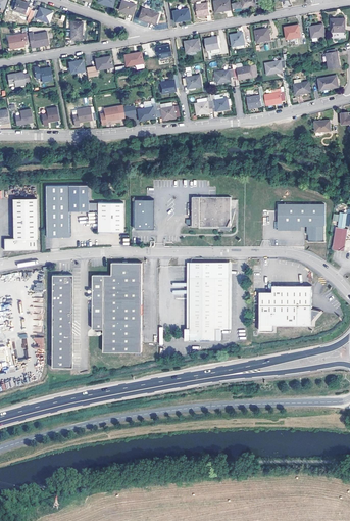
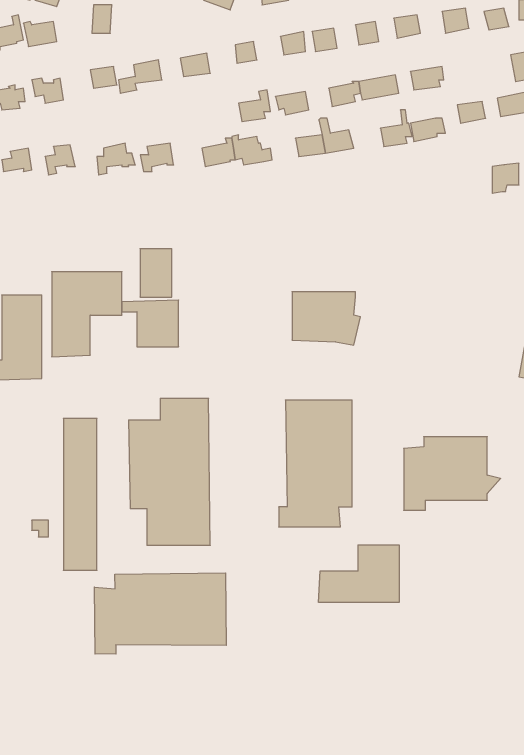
building: [134,198,153,228] -> [140,249,172,297]
building: [278,204,322,241] -> none
building: none -> [319,545,399,602]
building: none -> [94,573,226,654]

